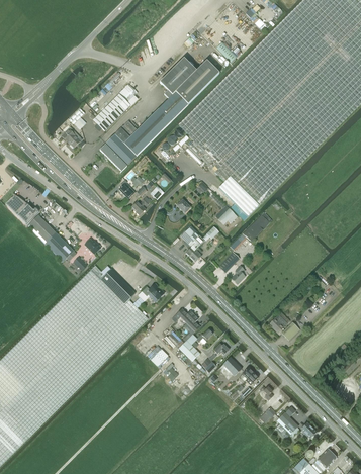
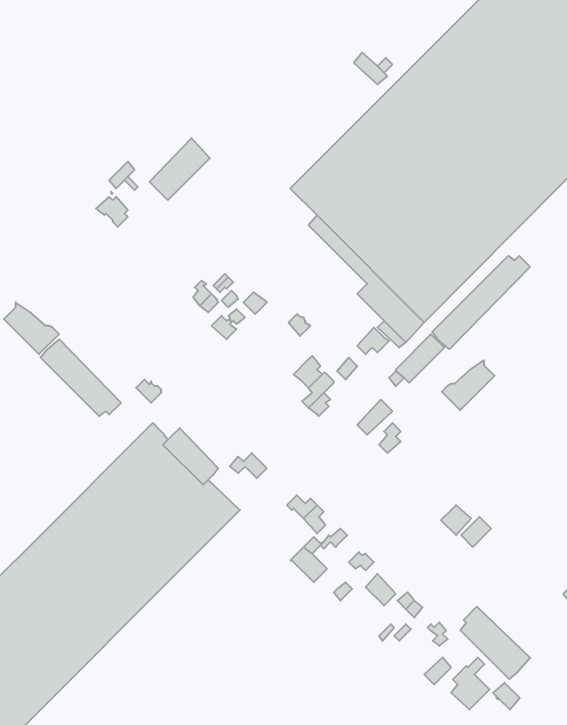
building: [99,58,219,171] -> none
building: none -> [432,256,530,349]
building: none -> [442,360,495,410]
building: none -> [460,607,530,679]

